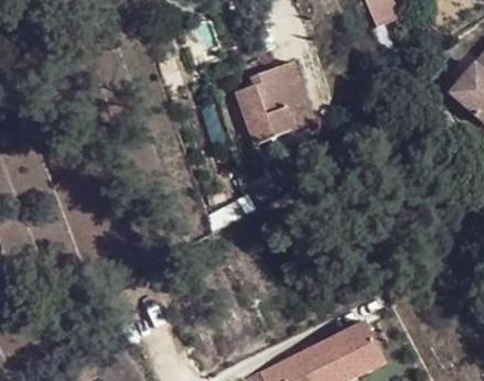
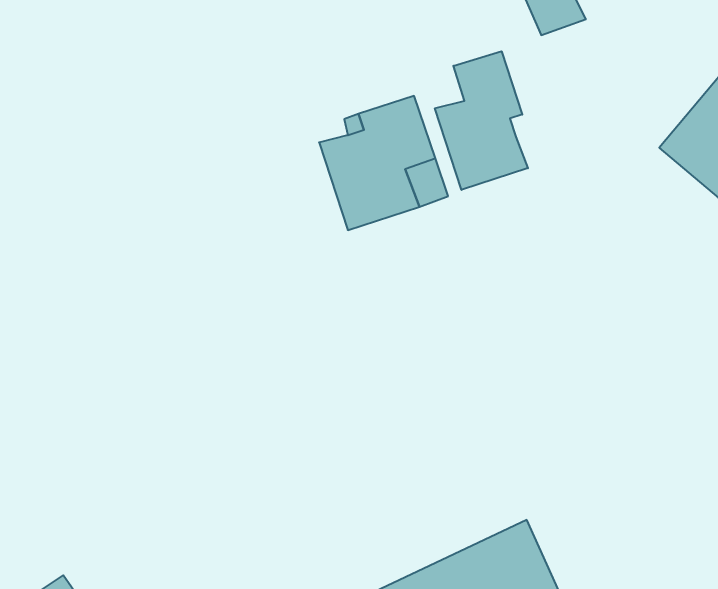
building: none -> [435,51,528,190]

